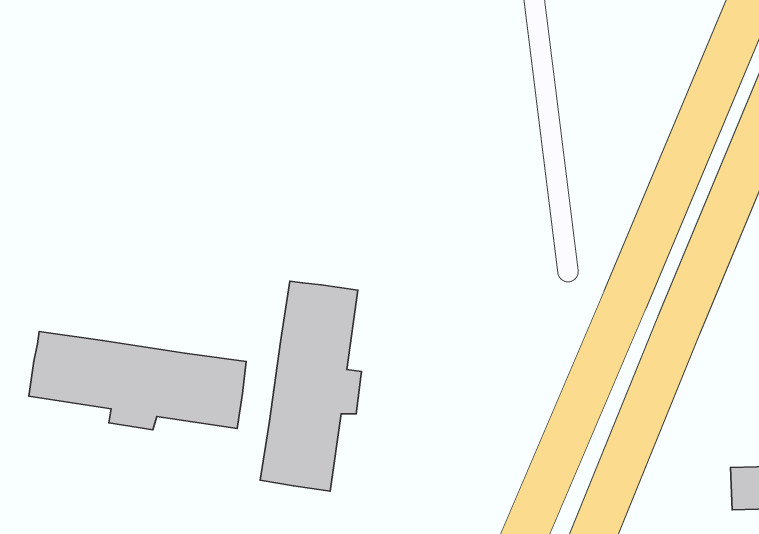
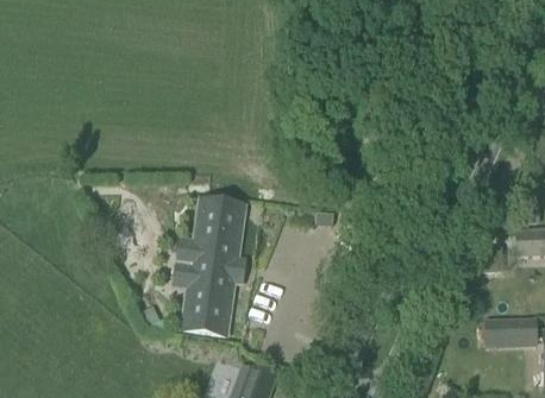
building: [29,331,246,430] -> none

